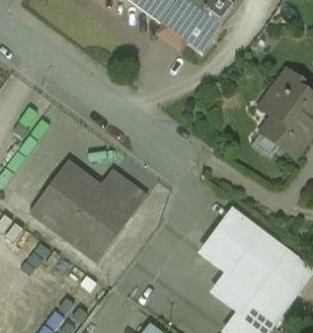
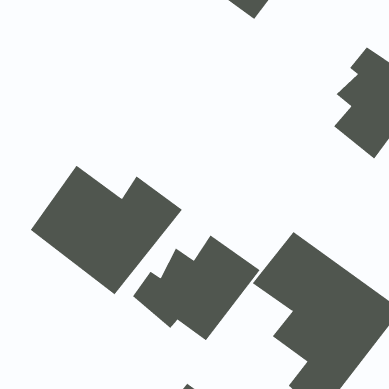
building: none -> [132,234,260,341]

